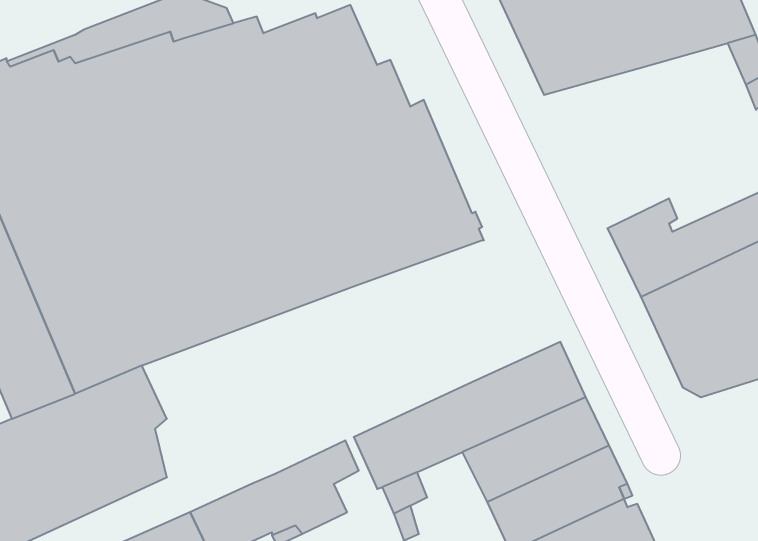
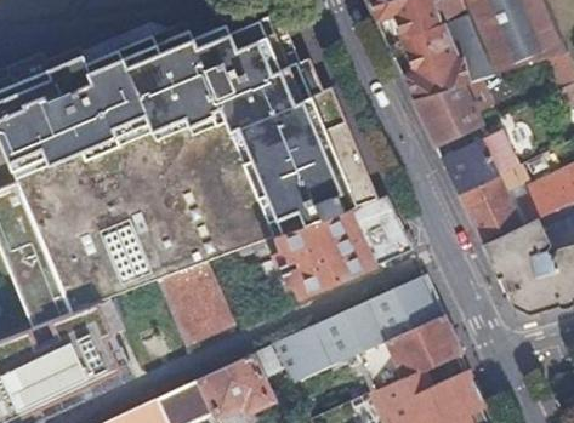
building: none -> [413,75,491,145]
building: none -> [443,130,518,192]
building: none -> [273,194,411,296]
building: none -> [157,259,234,345]

